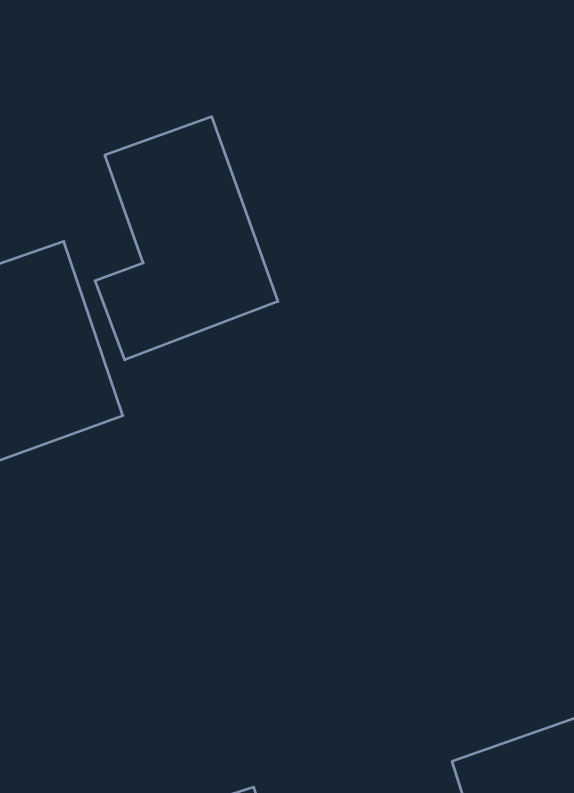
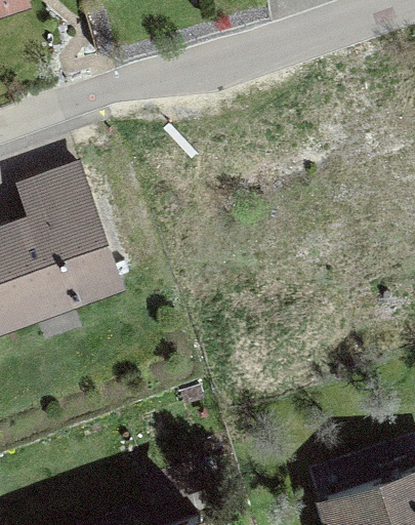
building: [95,117,278,360] -> none

